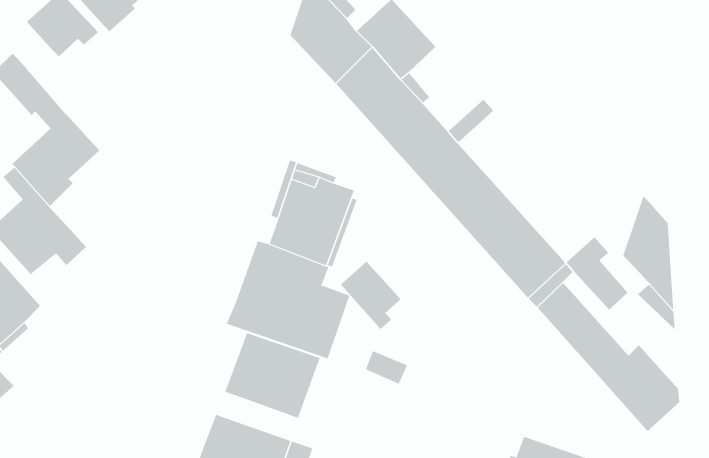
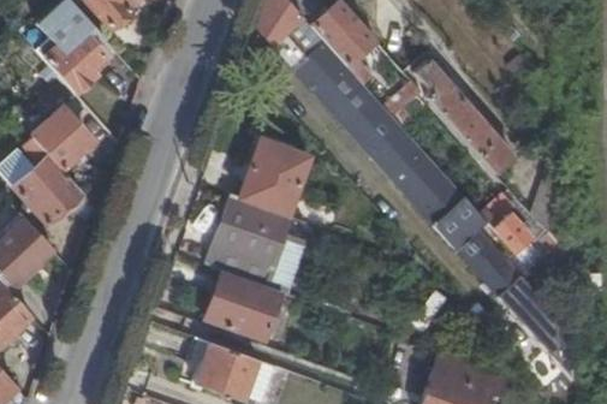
building: none -> [43,34,103,94]
building: none -> [413,60,506,167]
building: [340,261,401,330] -> none

